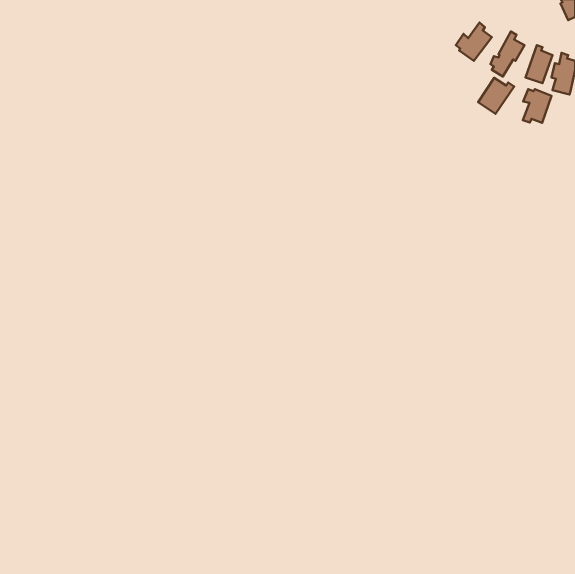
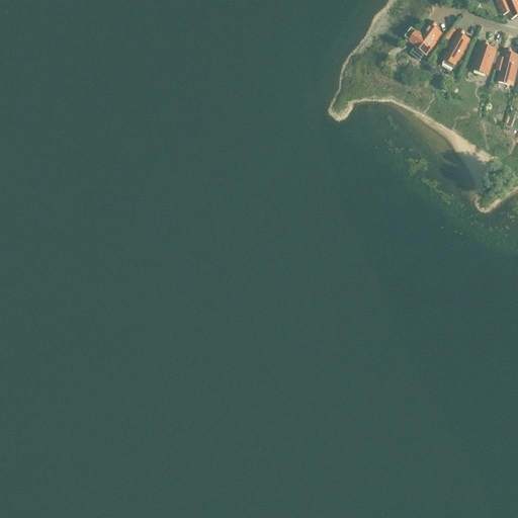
building: [478,78,514,114] -> none
building: [523,89,551,123] -> none

